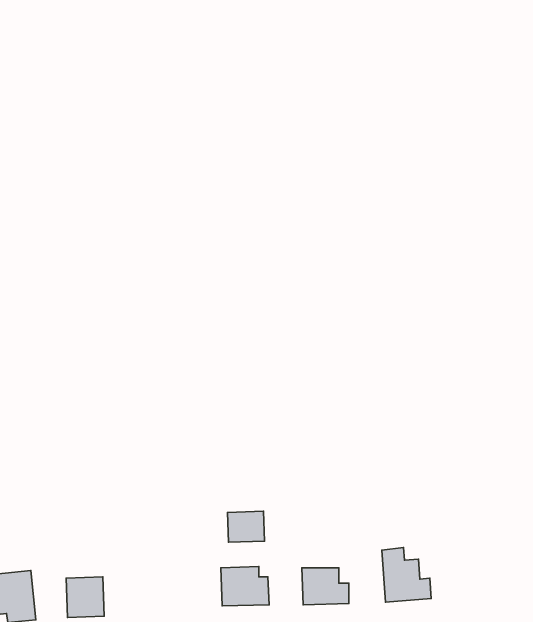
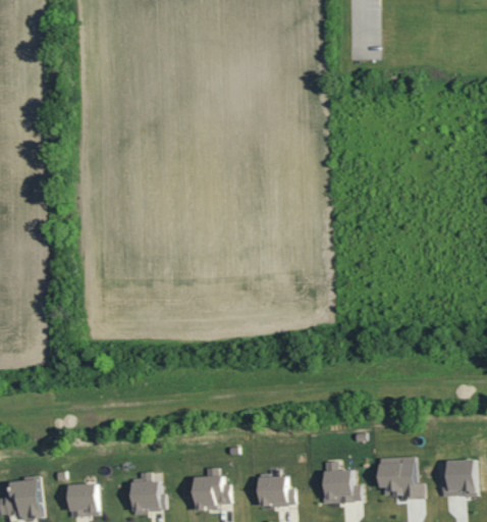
building: [228,511,265,542] -> none
building: none -> [378,457,423,498]
building: none -> [128,481,164,513]

